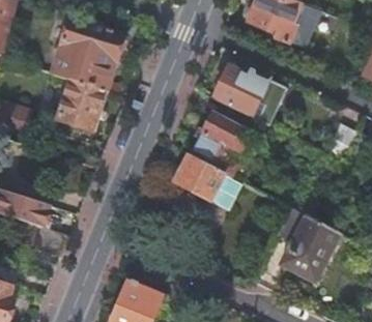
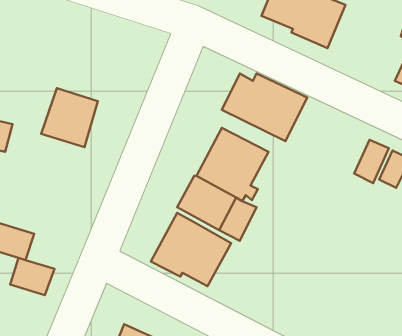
building: [52,18,124,90] -> none
building: none -> [151,213,231,286]
building: [280,208,341,281] -> none

